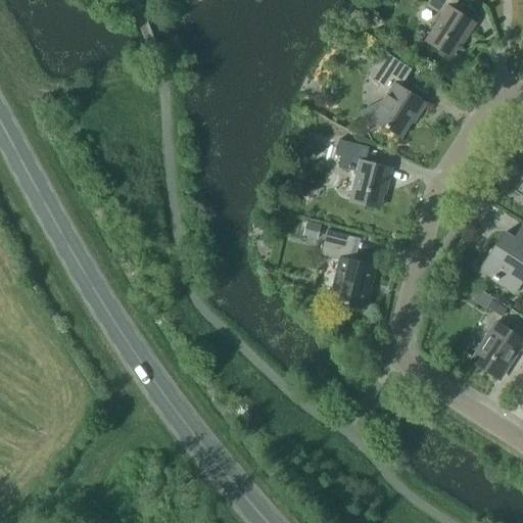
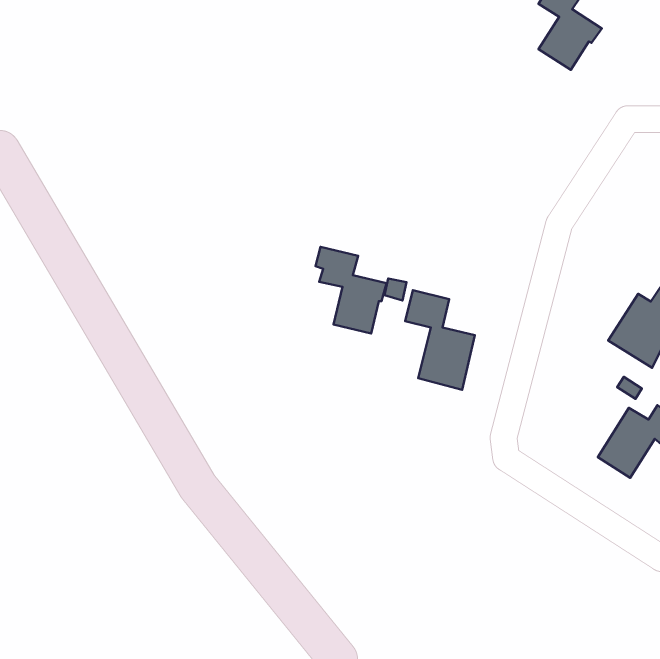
building: [361,53,426,135] -> none
building: [336,138,392,206] -> [315,247,387,334]

